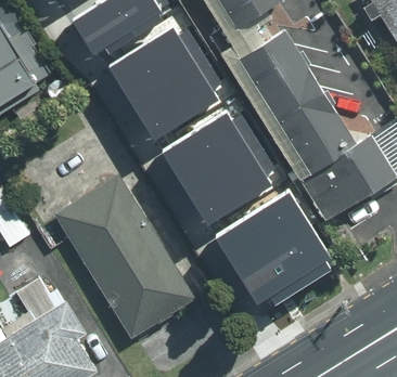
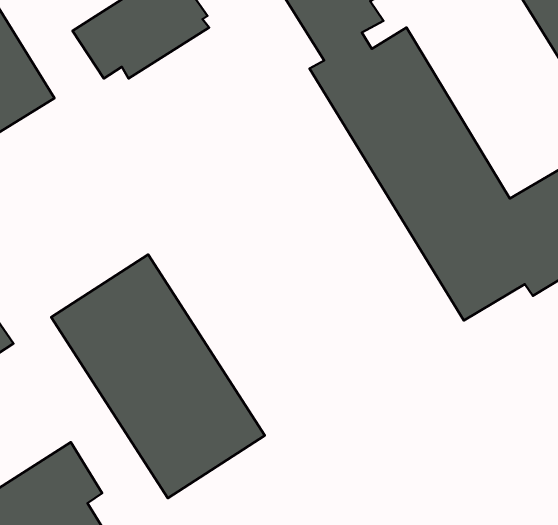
building: [105,30,215,143] -> none
building: [158,116,268,229] -> none
building: [212,196,328,308] -> none

